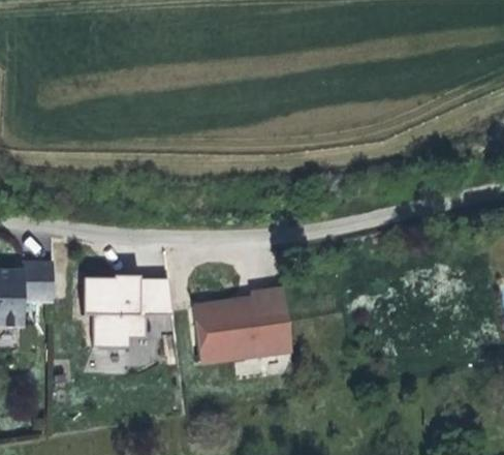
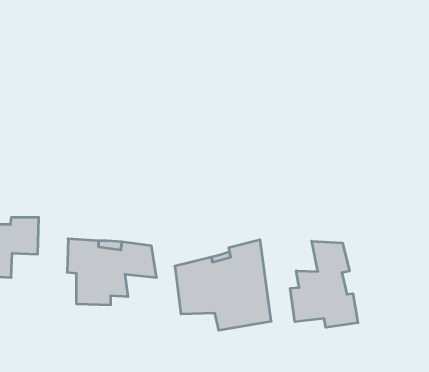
building: none -> [290,241,358,327]

